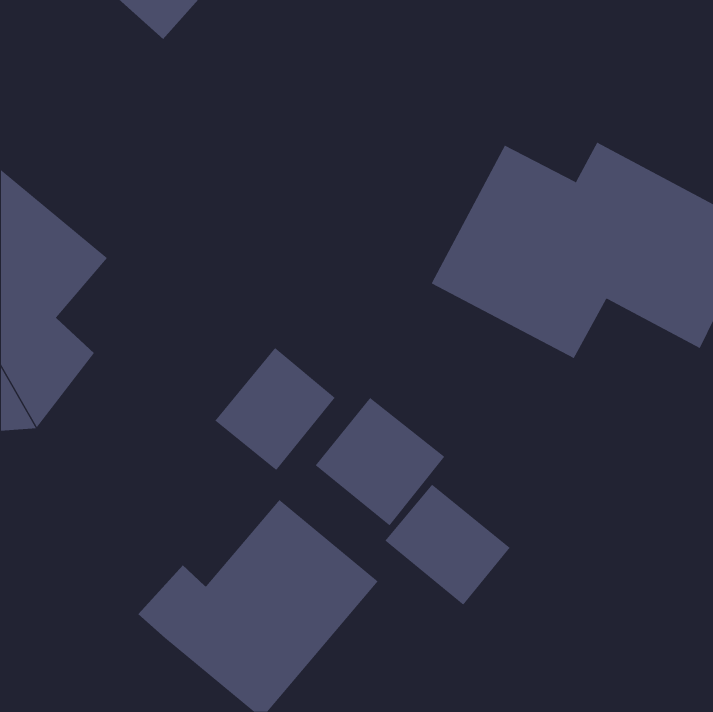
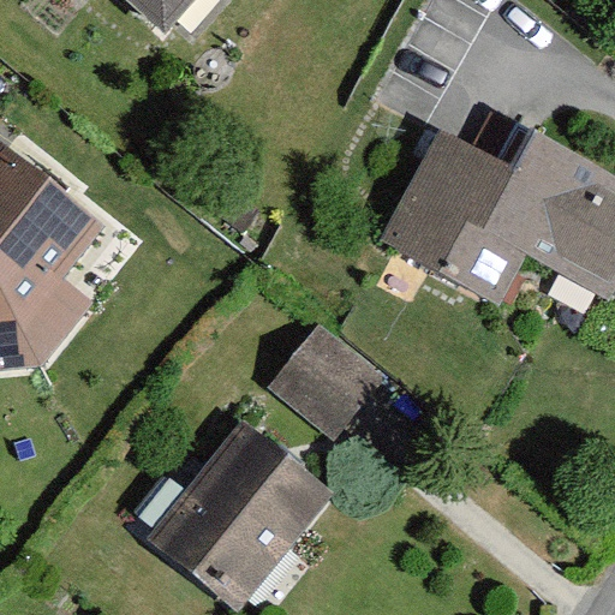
building: [214,347,335,471] -> none
building: [384,484,511,606] -> none

